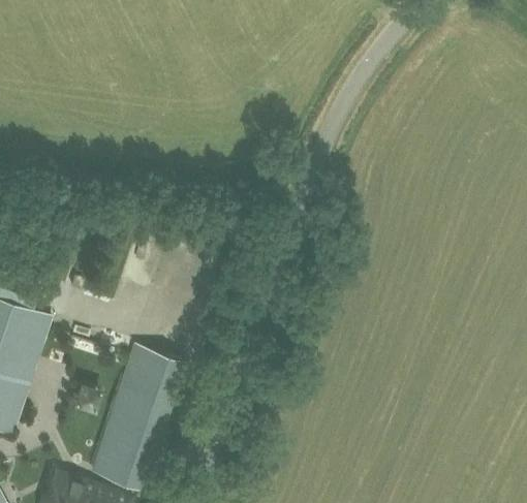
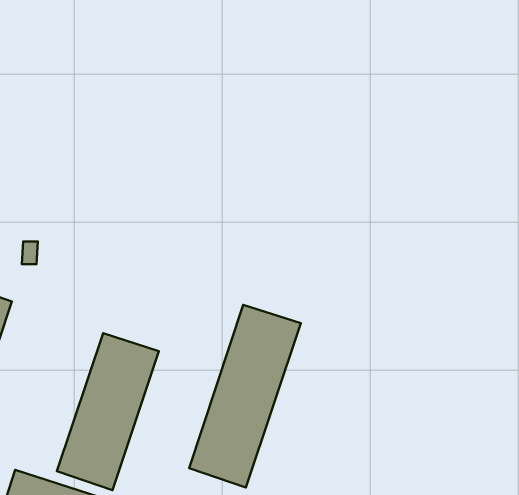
building: none -> [189,305,301,488]

